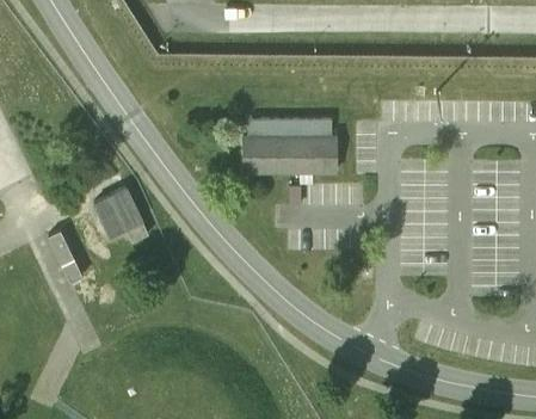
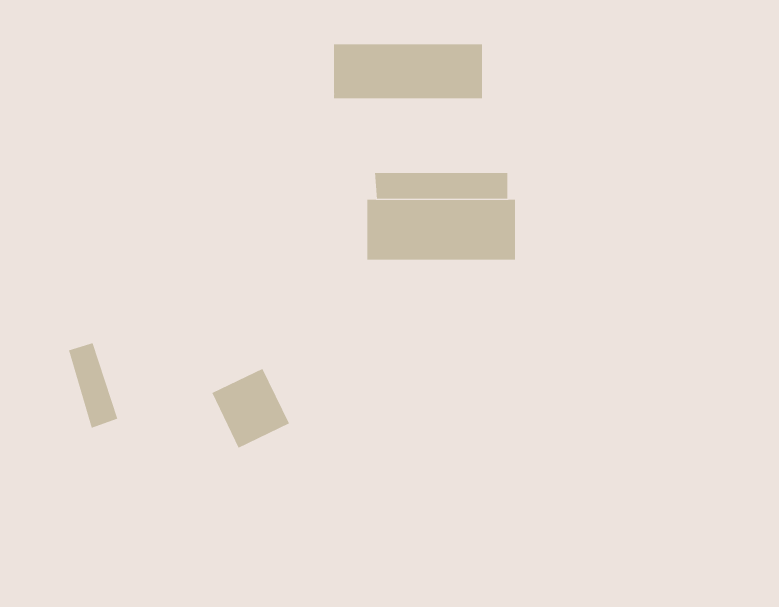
building: none -> [334,43,483,99]
building: [87,191,136,241] -> [211,368,290,448]

